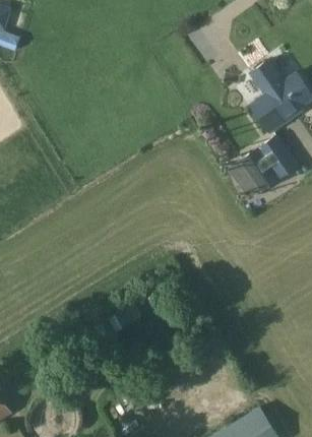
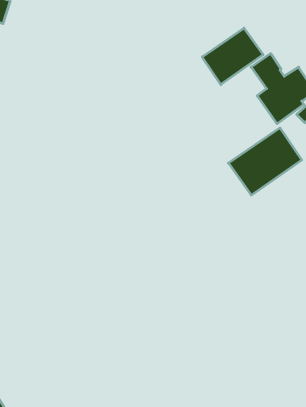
building: none -> [202,28,263,85]

